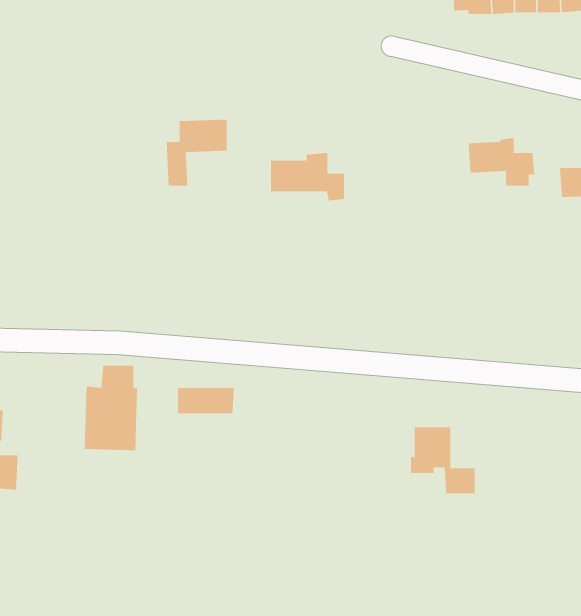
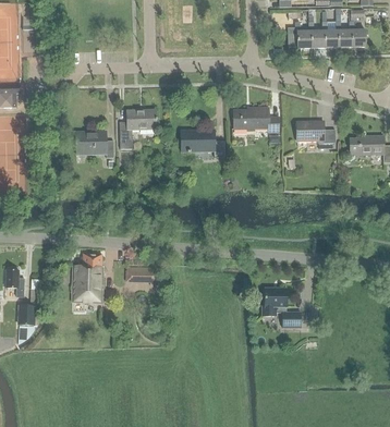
building: none -> [233,106,279,131]
building: none -> [76,131,113,156]

